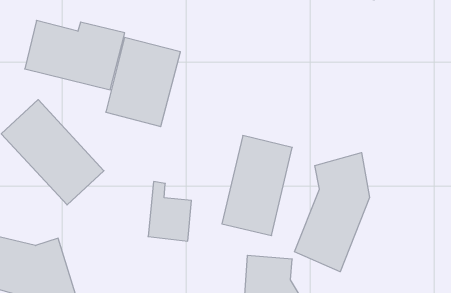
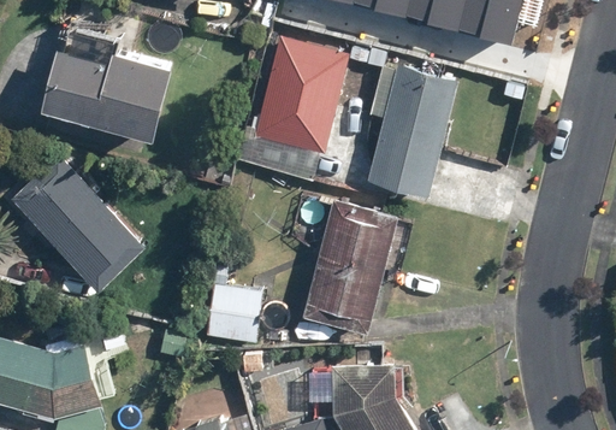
building: none -> [368,64,458,198]
building: [106,37,180,127] -> [249,35,349,154]
building: [295,153,370,272] -> none

